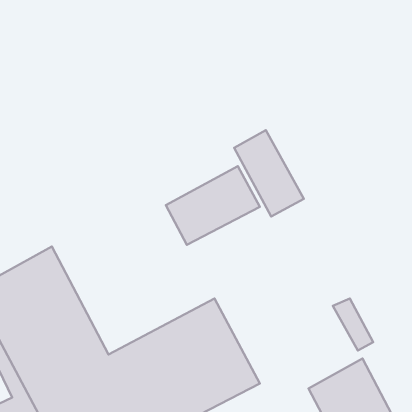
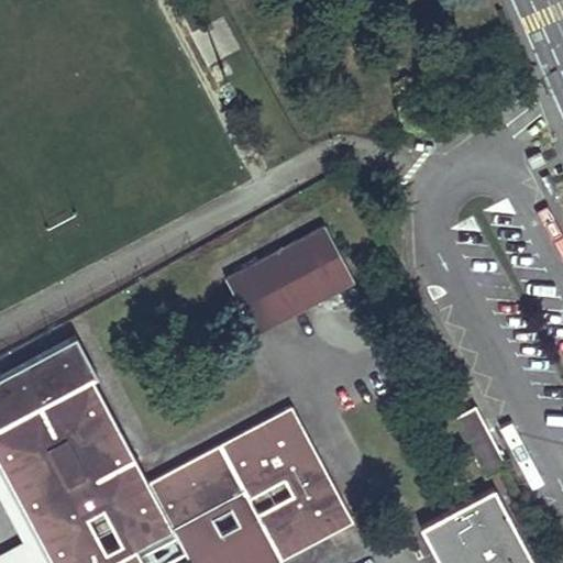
building: [234,130,304,216] -> none

